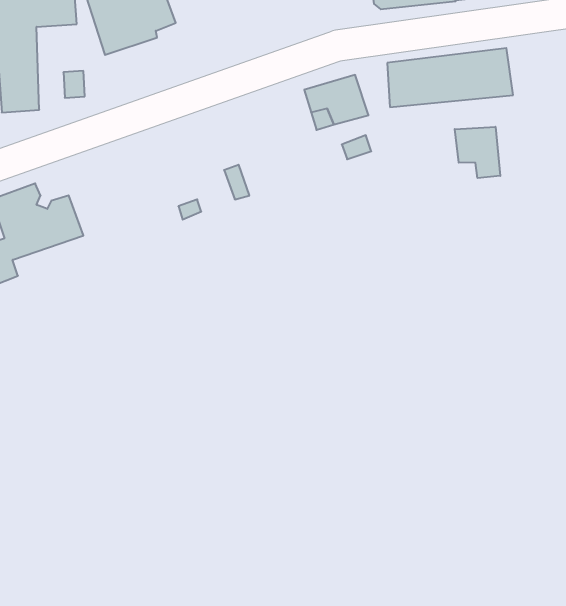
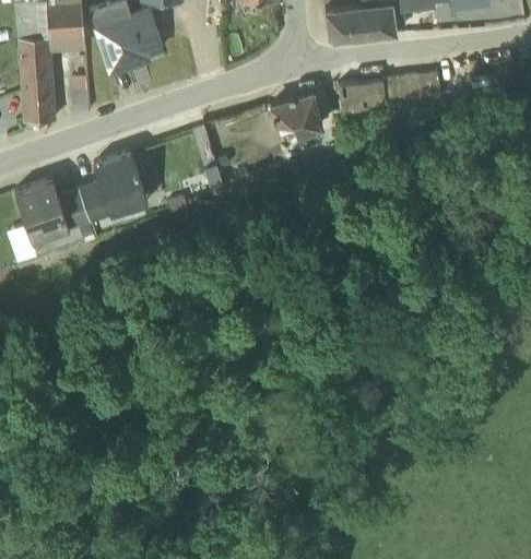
building: [455,127,500,178] -> none
building: none -> [80,152,149,222]

